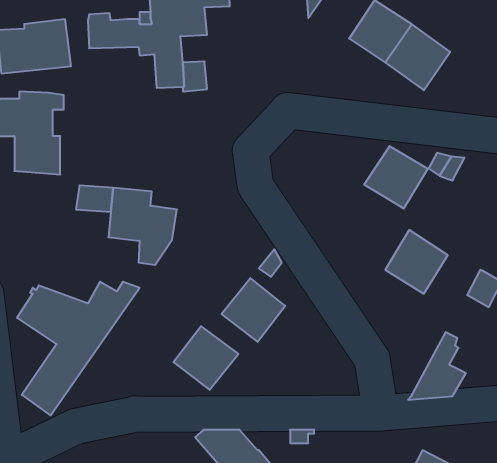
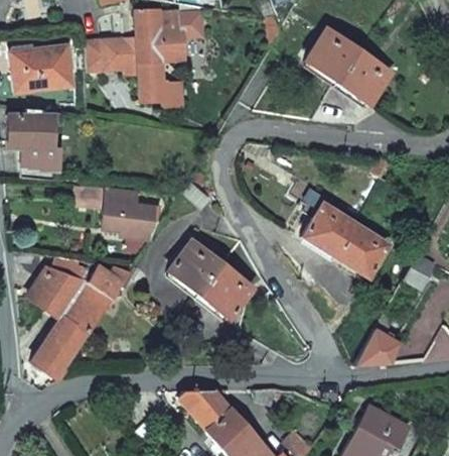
building: [364,146,428,209] -> [302,203,355,255]
building: [173,326,238,390] -> [168,239,222,293]

